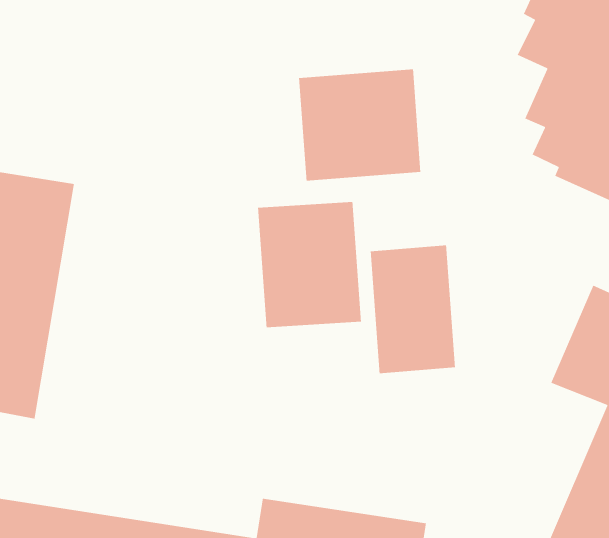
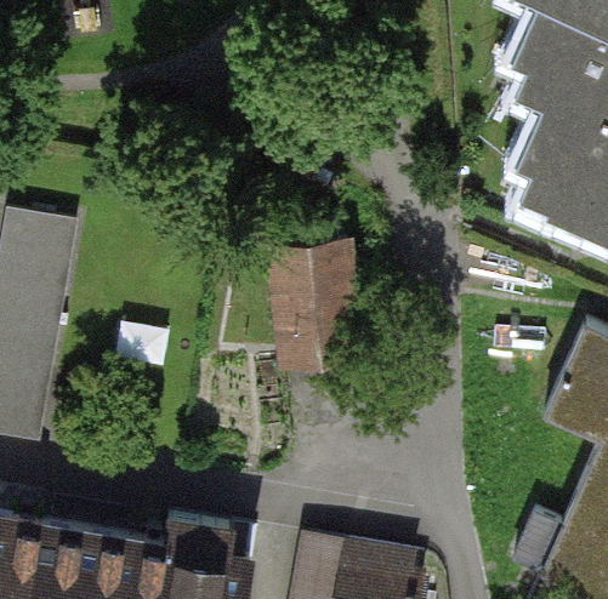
building: [298,69,421,182] -> none
building: [370,244,456,374] -> none

